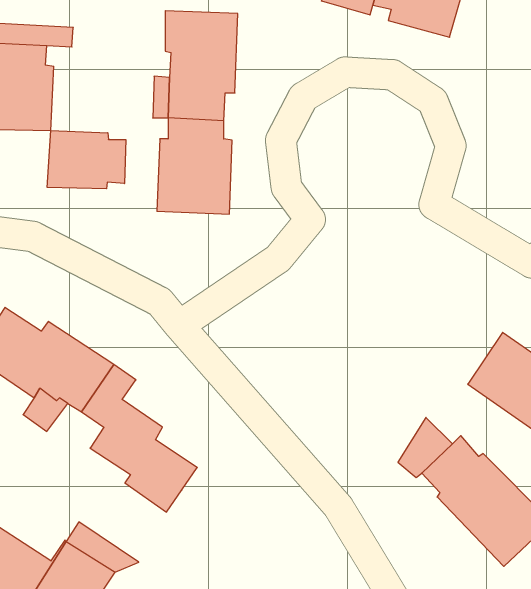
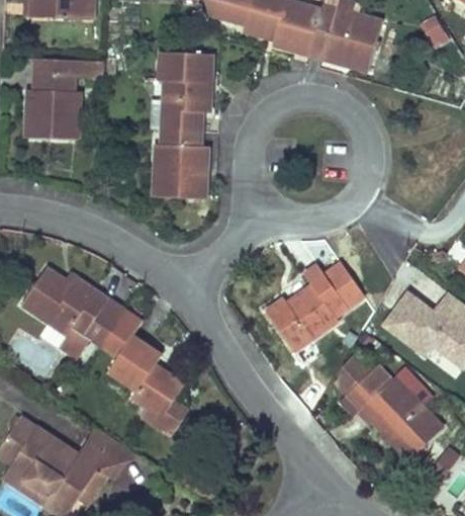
building: [47,131,126,189] -> none
building: none -> [265,265,362,350]
building: none -> [126,396,189,436]

